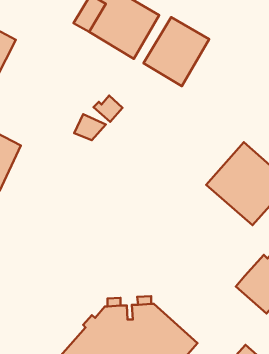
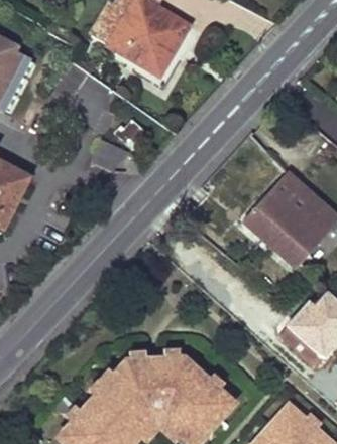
building: [143,17,209,86] -> none

